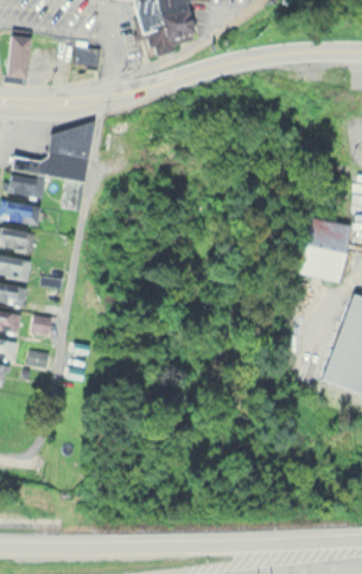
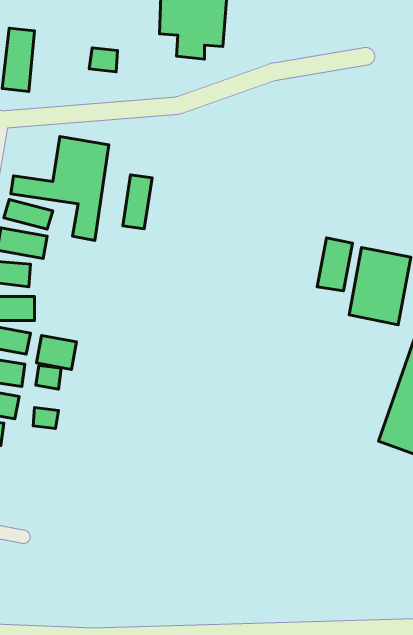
building: none -> [123,175,152,229]
building: none -> [317,238,352,291]
building: none -> [36,335,76,369]

